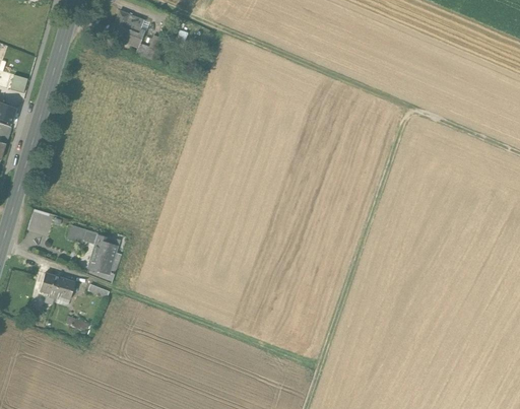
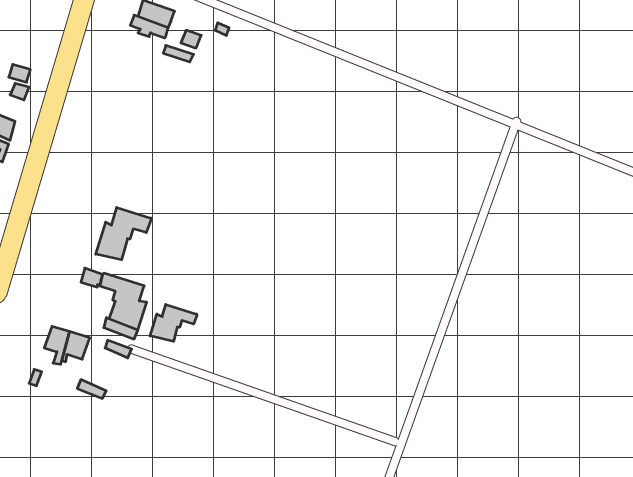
building: none -> [96,207,151,260]
building: none -> [150,304,197,341]

